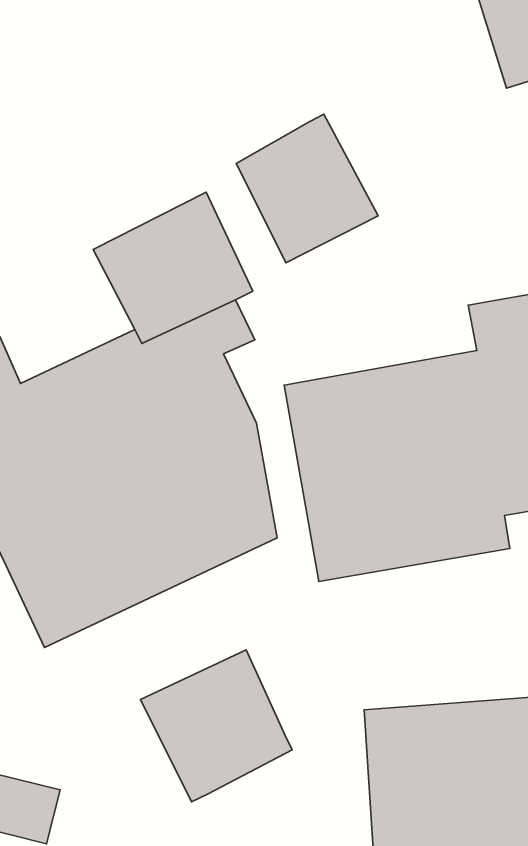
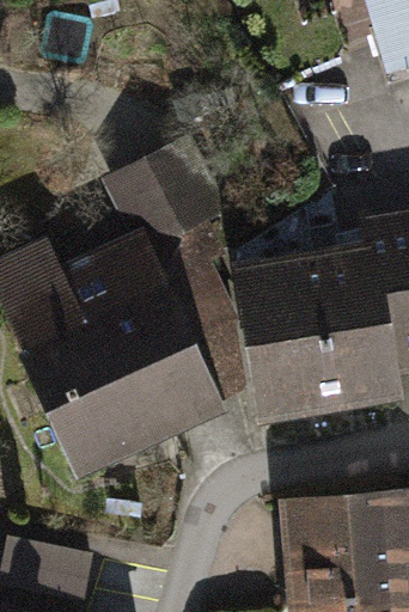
building: [236,114,378,263] -> none
building: [140,650,292,802] -> none

